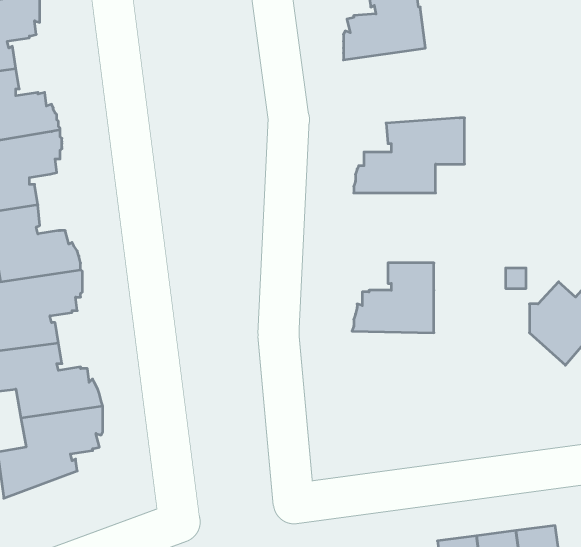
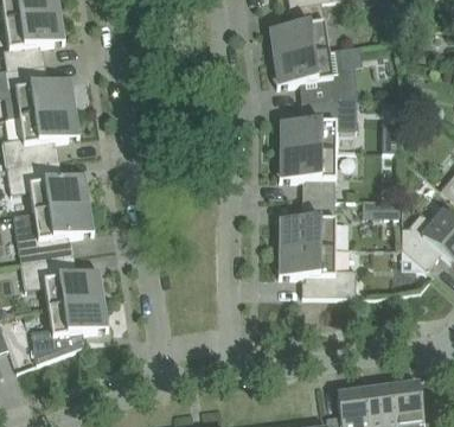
building: none -> [273,45,353,100]
building: none -> [280,148,337,197]
building: none -> [279,244,356,294]

